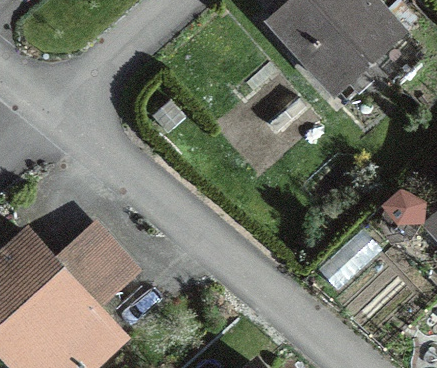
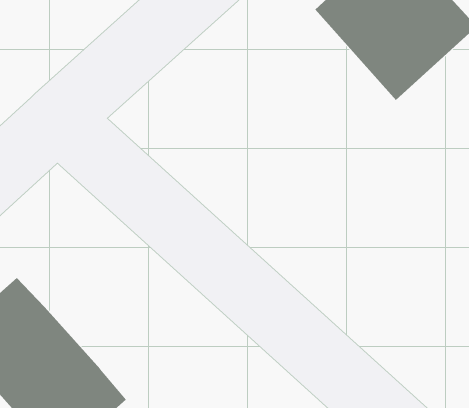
building: [50,226,138,314] -> none

